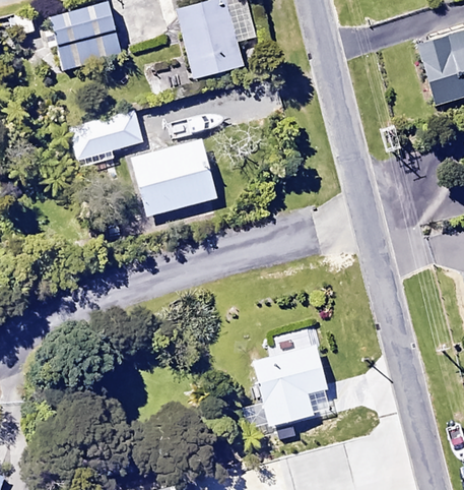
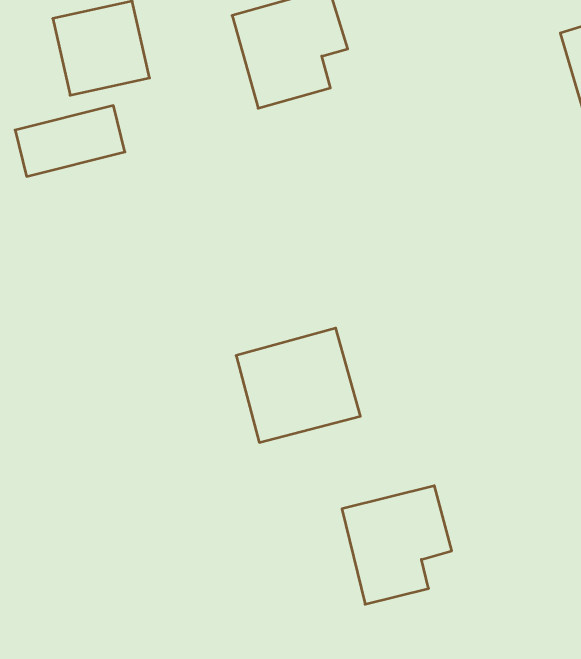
building: [66,111,143,161] -> [15,106,125,176]
building: [134,137,221,218] -> [236,328,360,442]

